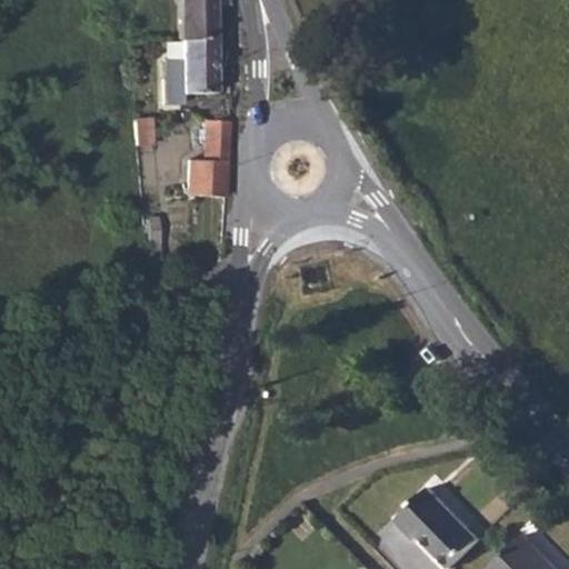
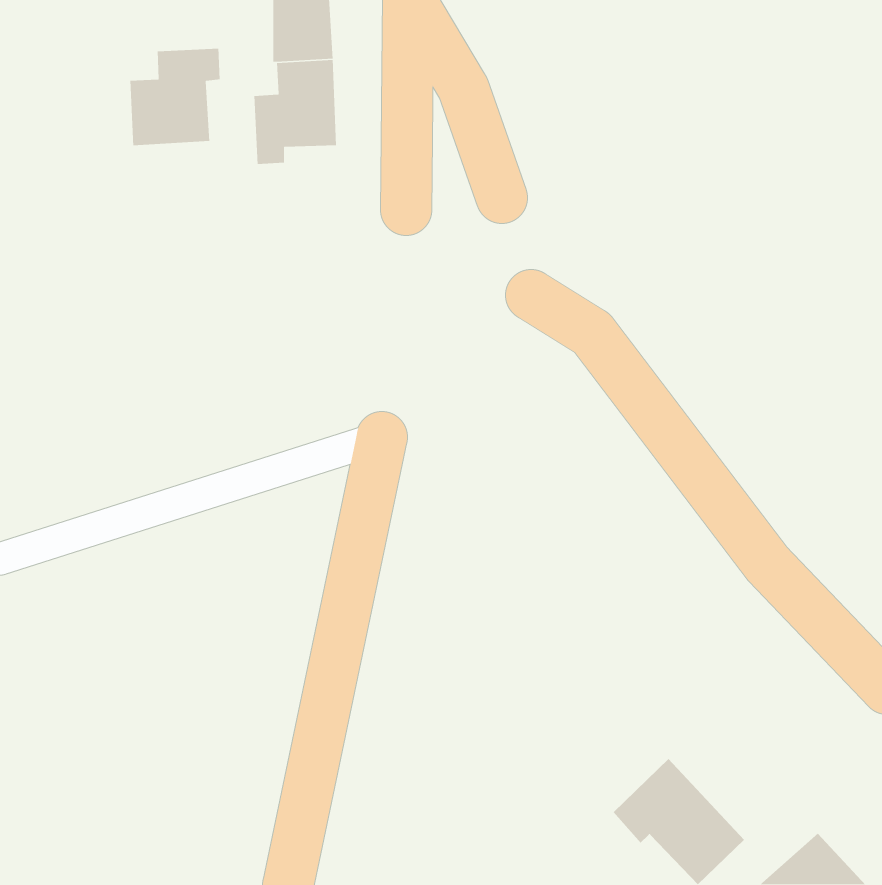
building: none -> [130,48,220,146]
building: [193,123,232,201] -> none

